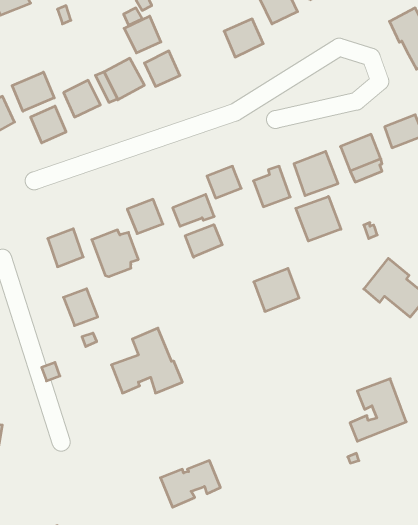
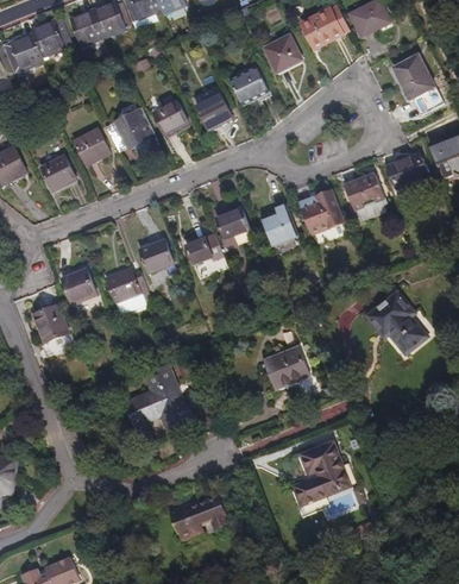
building: [124,16,161,53] -> [197,92,233,127]
building: [12,72,54,111] -> none
building: [296,196,341,241] -> none
building: [185,225,222,257] -> none
building: [254,268,299,311] -> [263,350,307,391]
building: [63,289,98,326] -> [32,307,65,343]
building: [350,379,406,441] -> [294,444,348,504]

